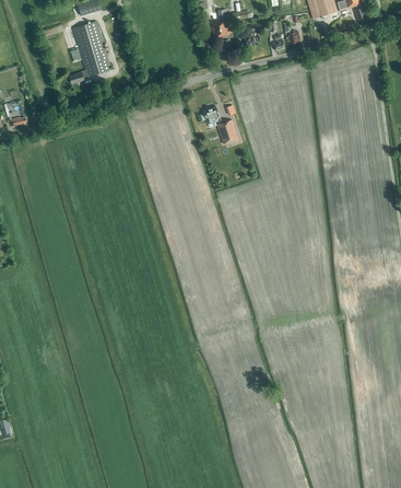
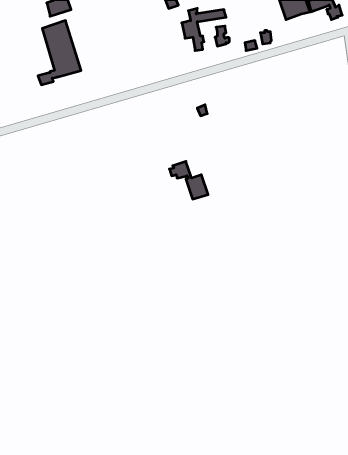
building: [200,107,238,144] -> [169,161,208,199]

